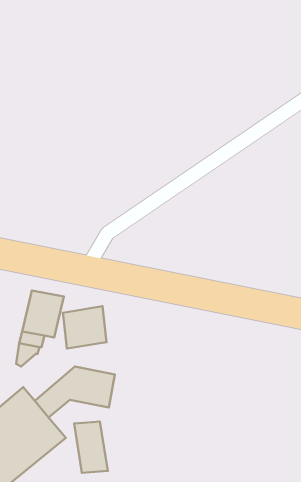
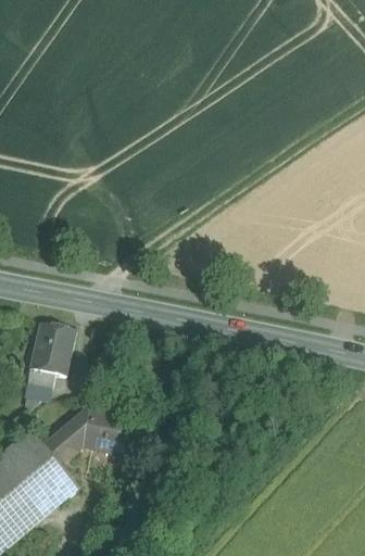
building: [63,306,107,349] -> none
building: [74,421,108,473] -> none

